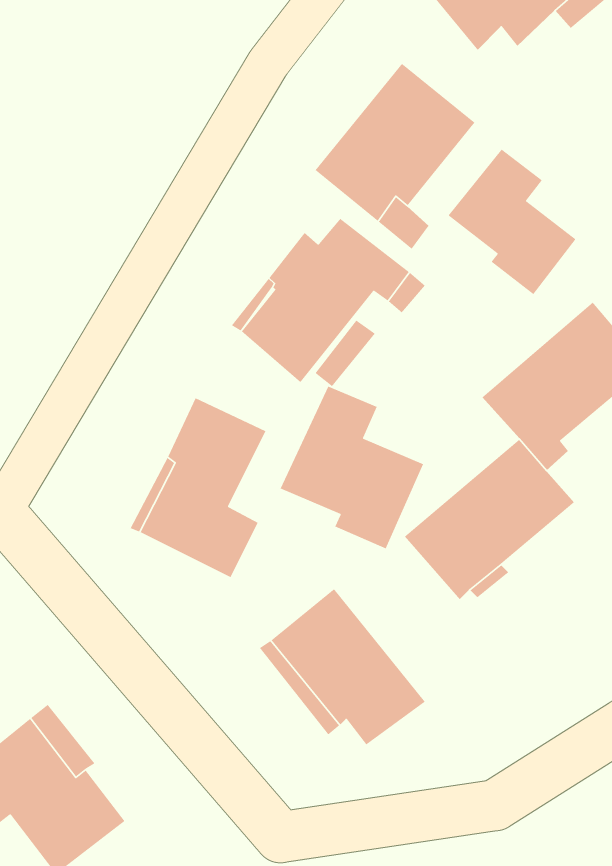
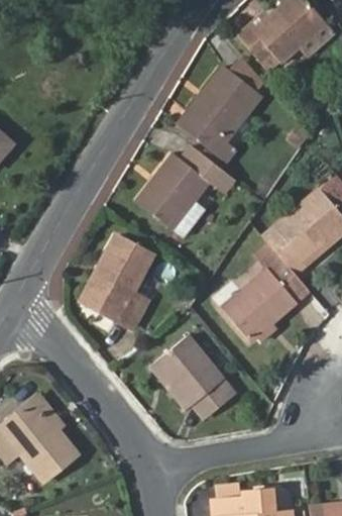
building: [447,149,577,295] -> none
building: [280,385,424,549] -> none

